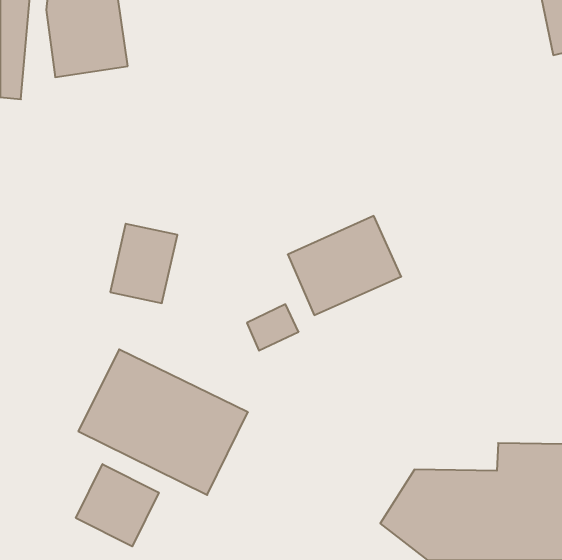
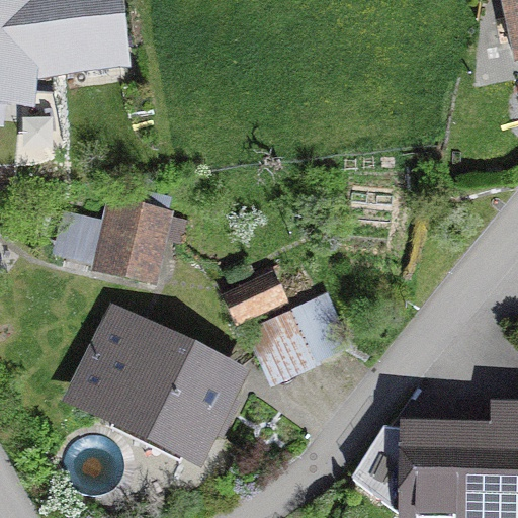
building: [288,216,401,315] -> [251,295,355,386]
building: [76,464,159,546] -> none

